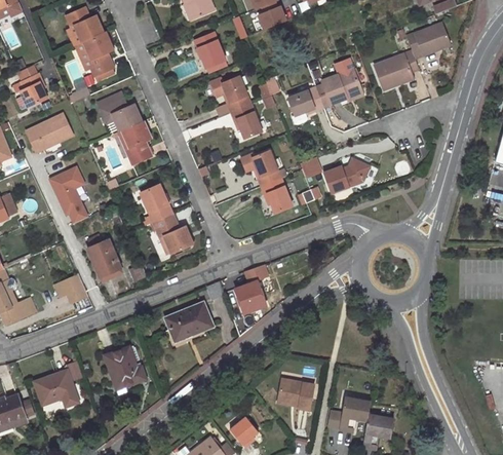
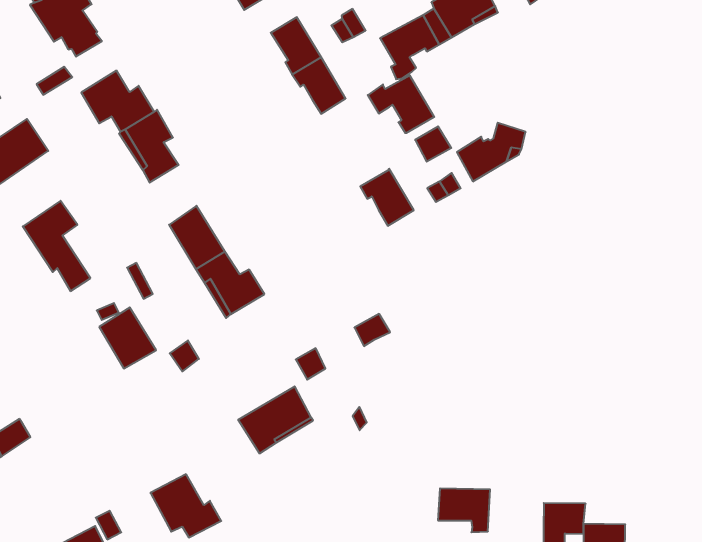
building: [241,151,280,186] -> [368,75,434,133]
building: [56,275,89,303] -> none
building: [235,281,265,313] -> none

